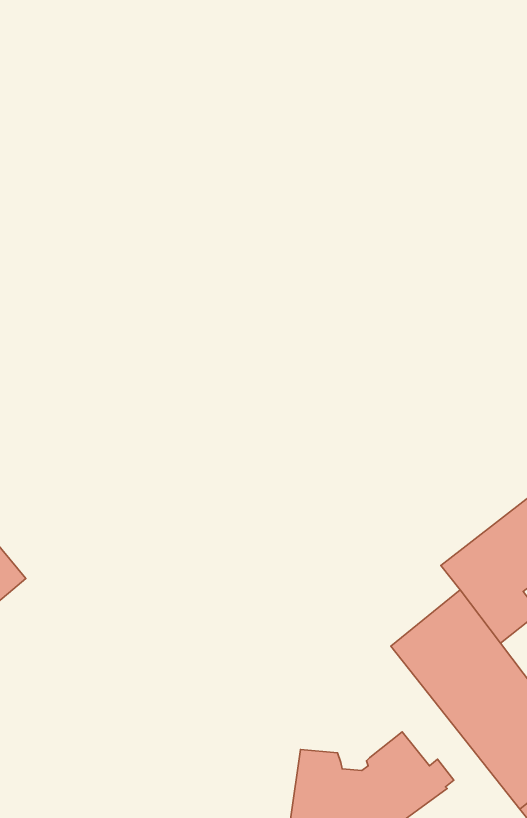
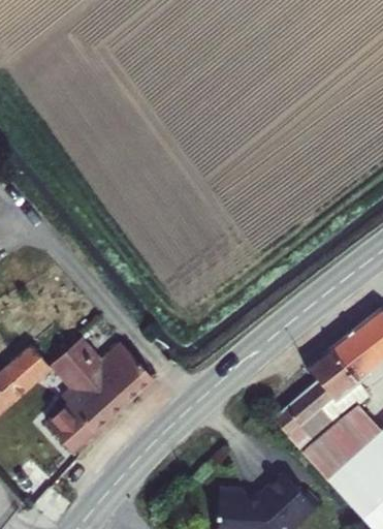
building: none -> [53,346,154,450]

